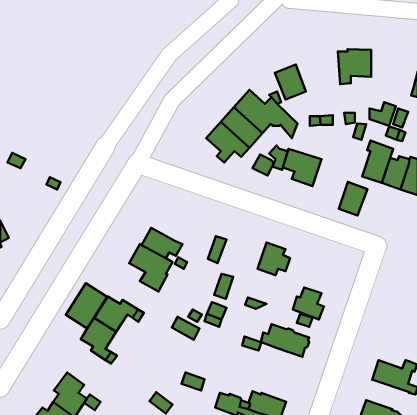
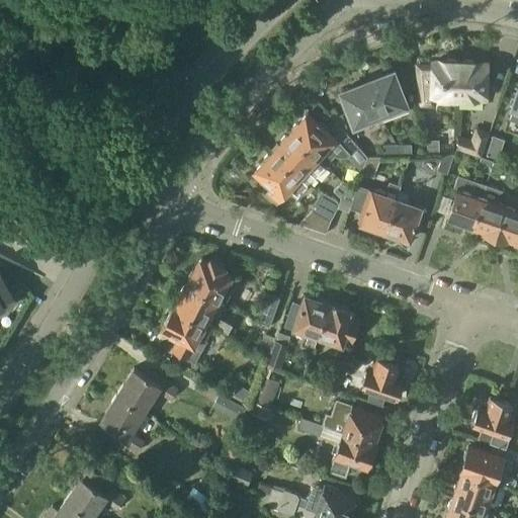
building: none -> [460,65,487,100]
building: none -> [367,72,407,116]
building: [339,182,367,215] -> [387,200,423,242]
building: none -> [188,260,240,306]
building: none -> [285,294,331,349]
building: [66,283,107,329] -> none
building: none -> [473,397,513,450]
building: none -> [330,434,377,480]
building: none -> [454,473,508,510]

